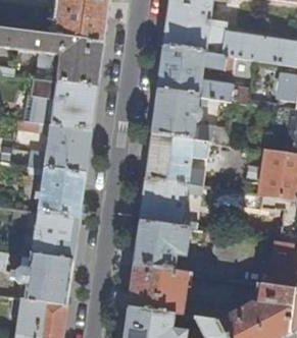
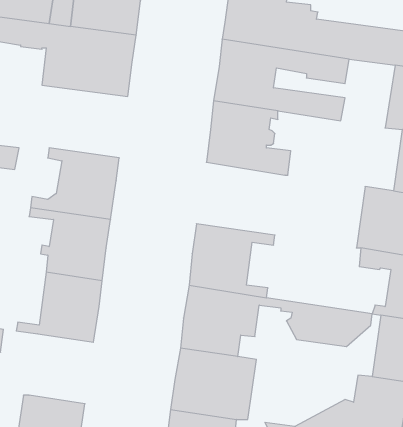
building: [20,76,96,129] -> none
building: [145,132,208,184] -> none
building: [10,255,71,304] -> none

